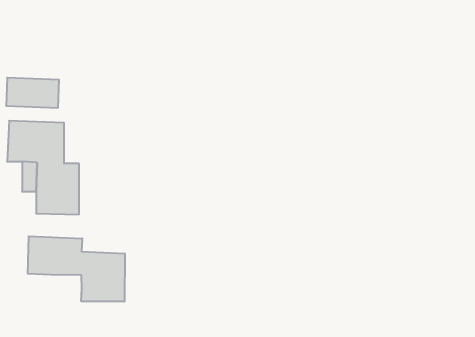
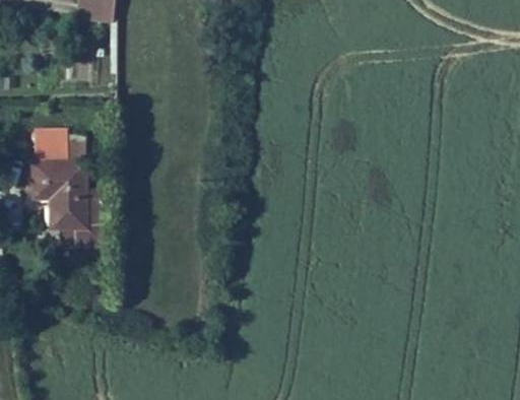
building: [28,236,125,302] -> none

